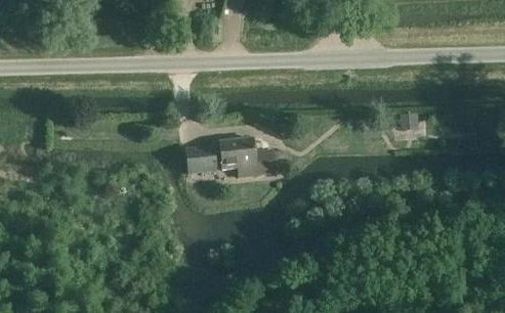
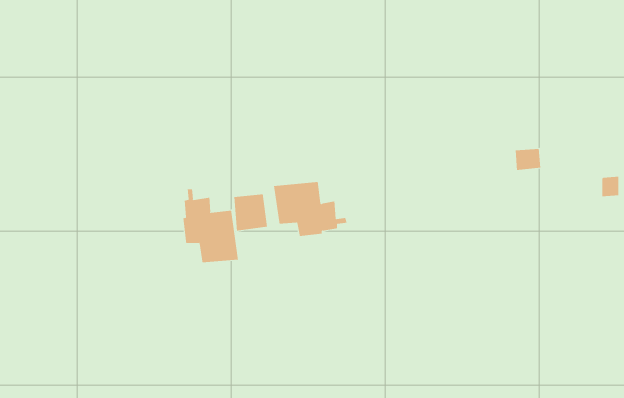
building: none -> [183,189,238,263]

